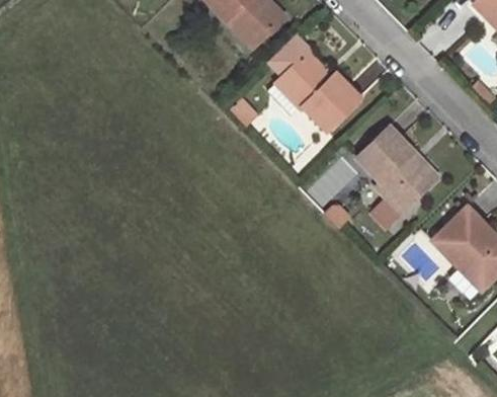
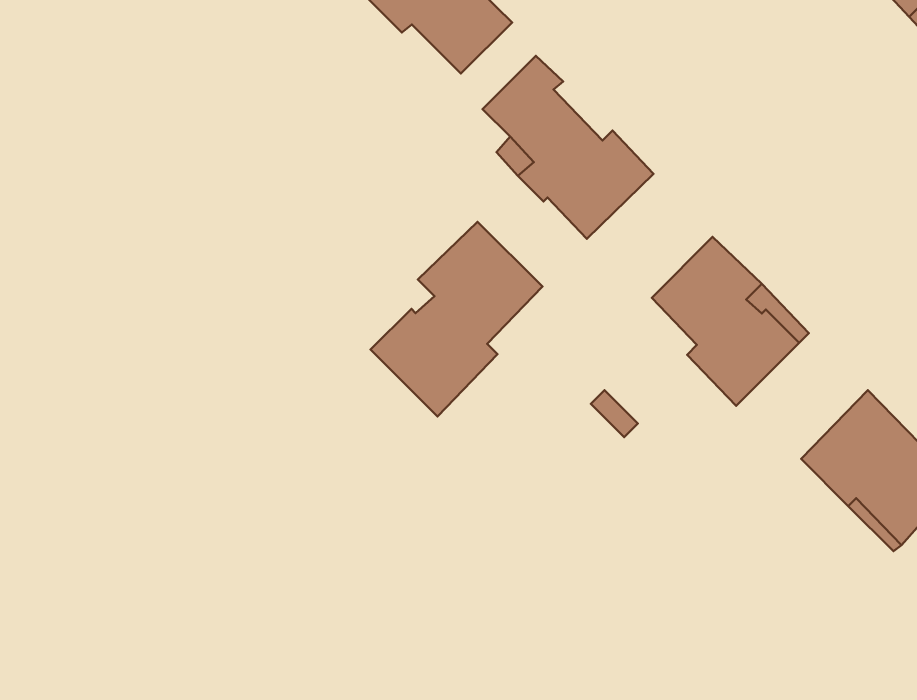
building: none -> [371,222,542,416]

